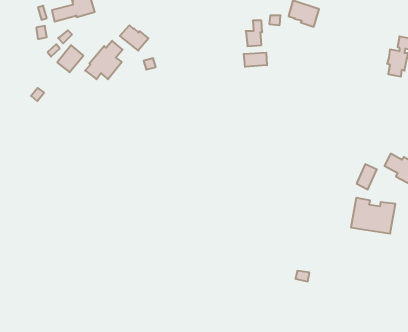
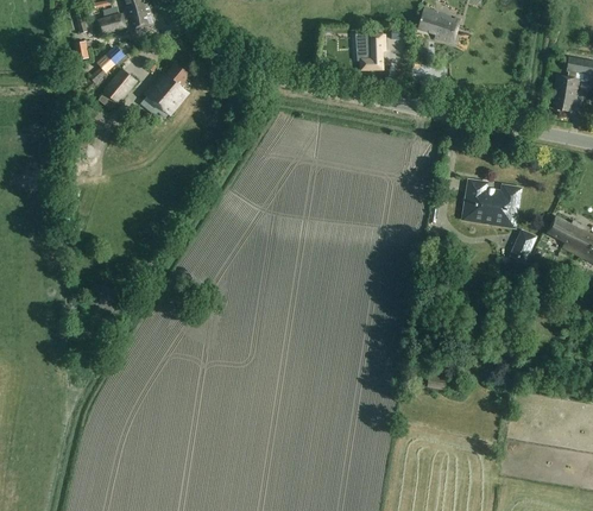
building: [120,25,148,51] -> none
building: [244,53,267,67] -> none
building: [351,198,395,234] -> [461,179,522,228]

